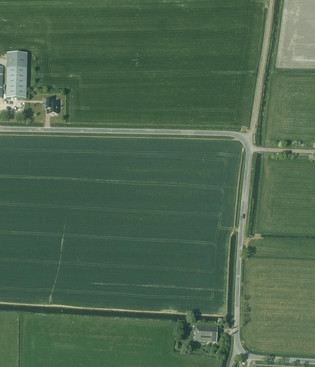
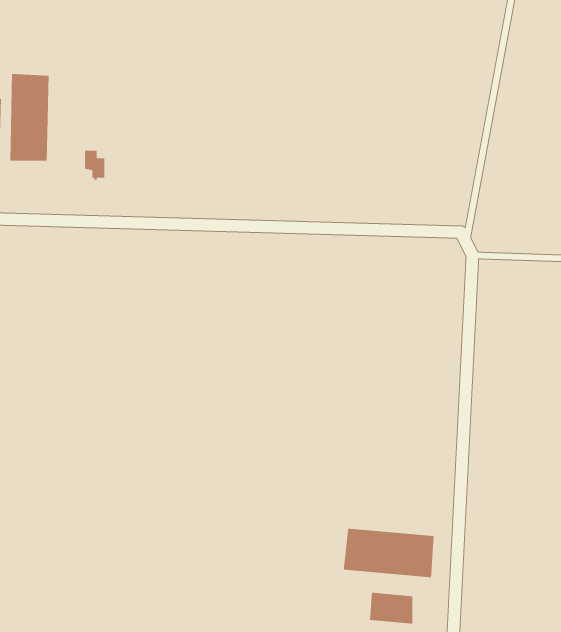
building: none -> [343,528,434,578]

